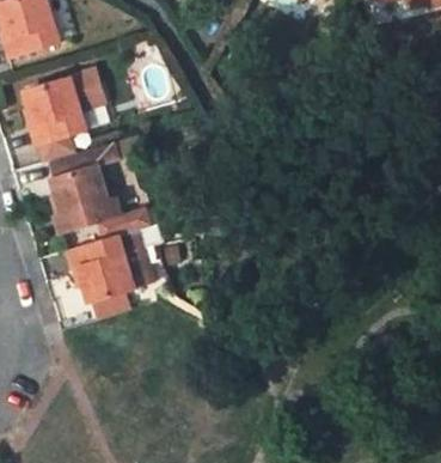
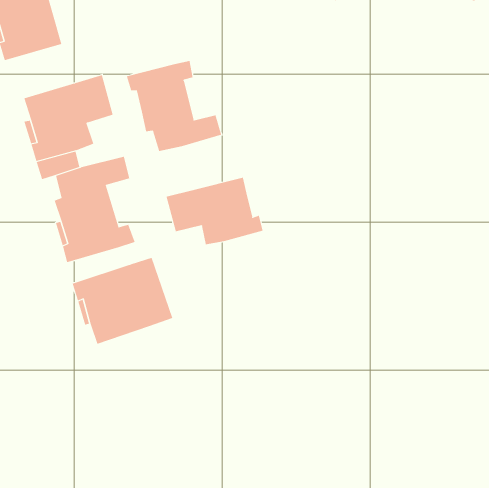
building: none -> [126,60,222,152]
building: none -> [166,177,263,245]

